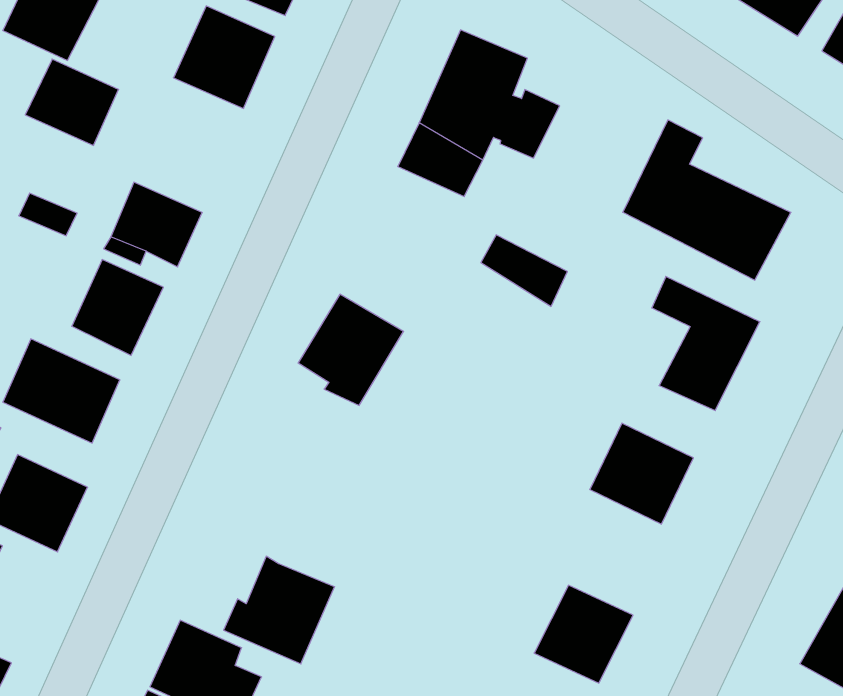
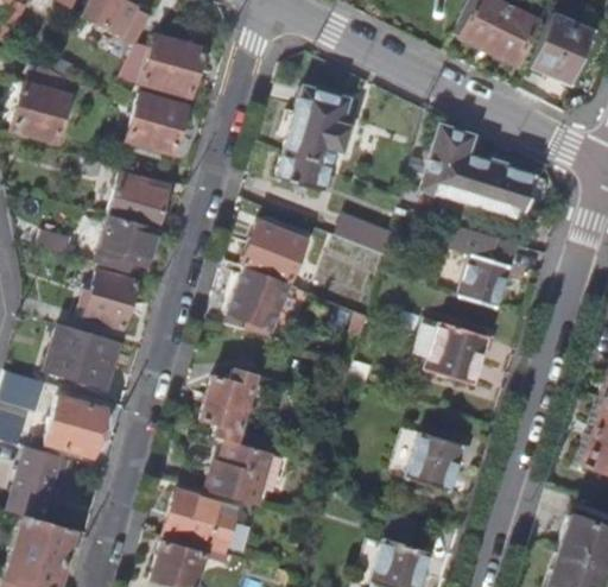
building: [25,59,119,145] -> [108,176,165,227]
building: none -> [242,223,309,284]
building: none -> [202,370,255,443]

